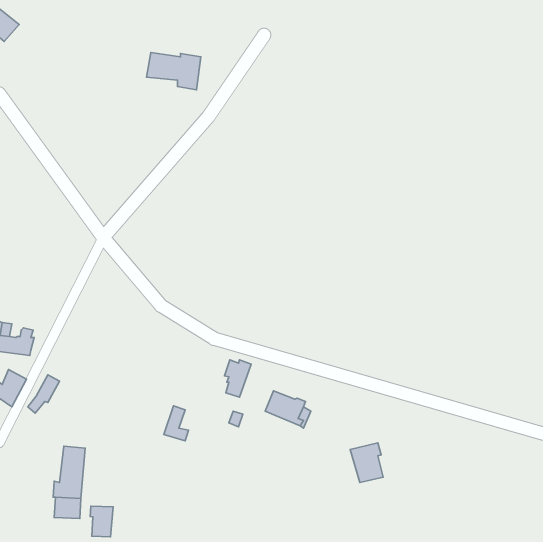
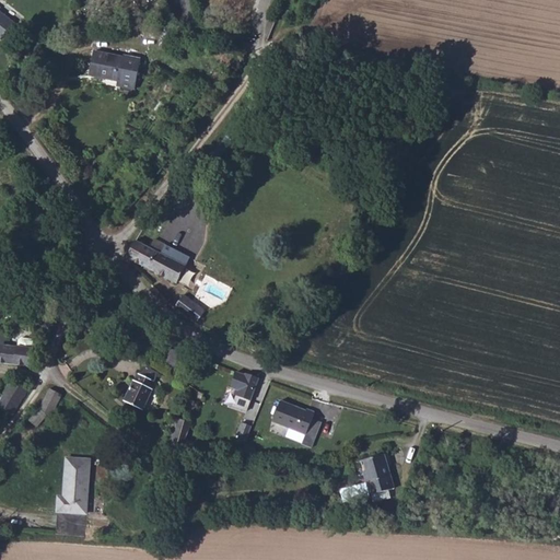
building: [147,53,201,90] -> [88,51,143,90]
building: none -> [127,235,192,283]
building: none -> [172,292,207,324]
building: none -> [121,374,151,410]
building: [90,506,113,537] -> none

